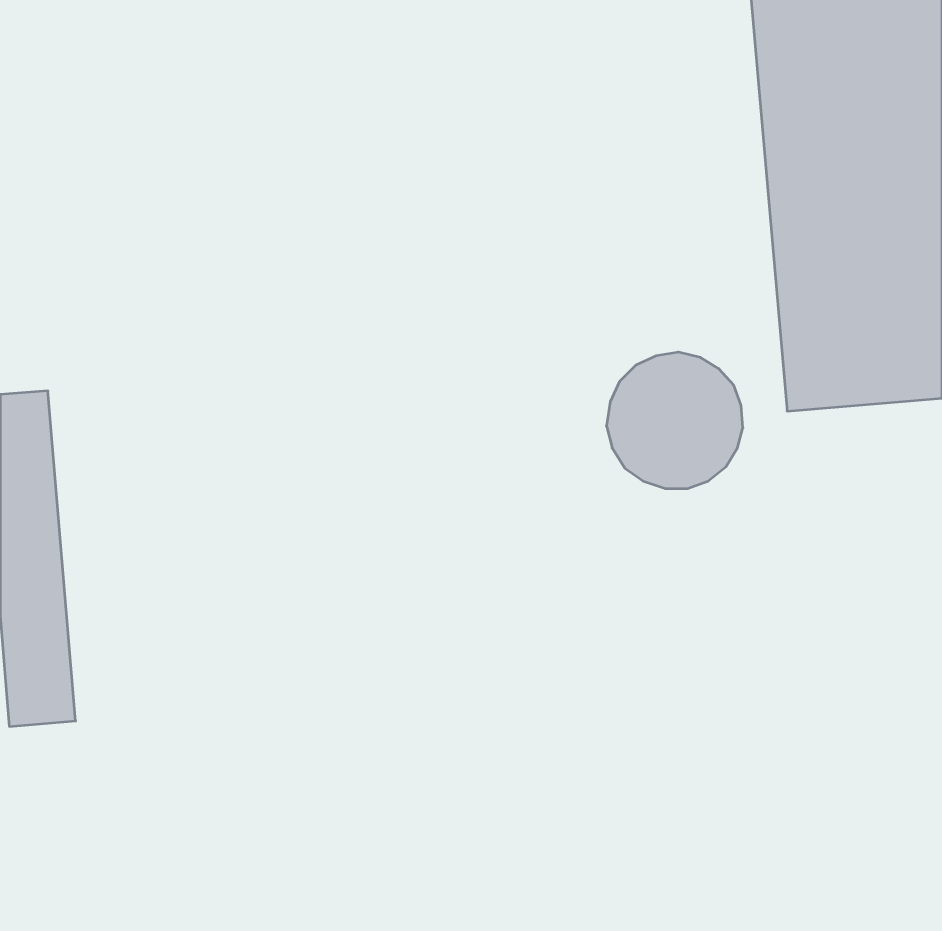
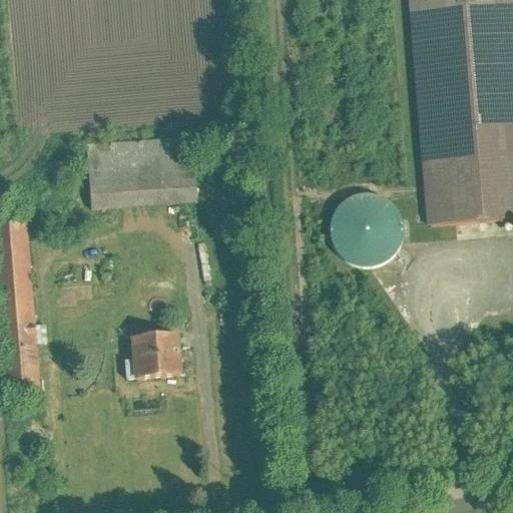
building: none -> [87,134,198,207]
building: none -> [131,332,184,379]

